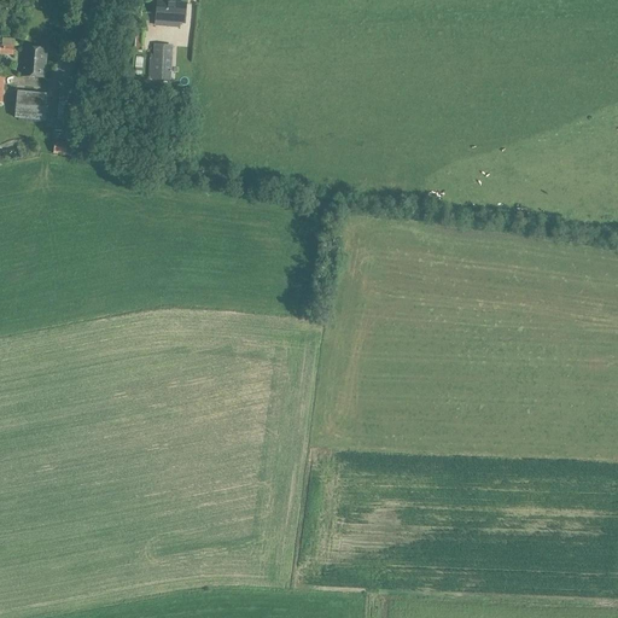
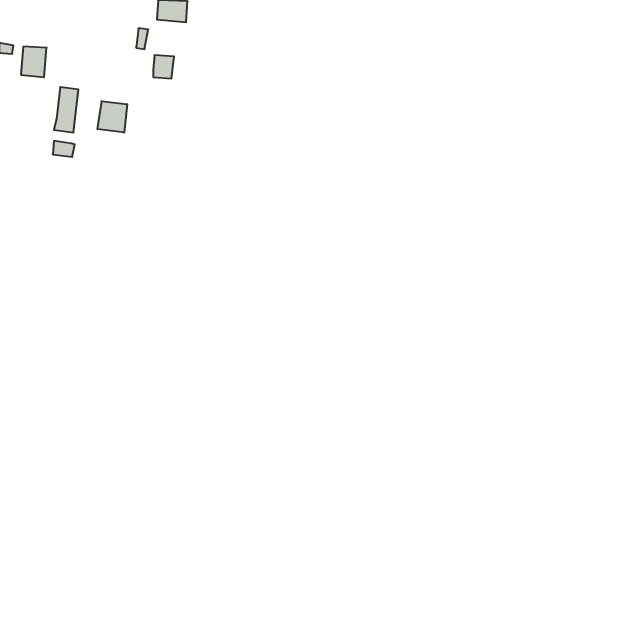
building: [13,89,47,118] -> none
building: none -> [98,101,127,133]

